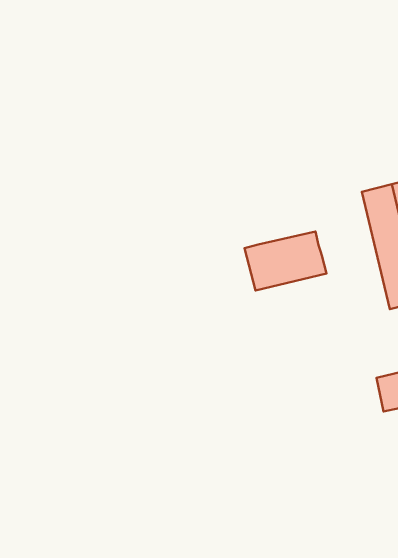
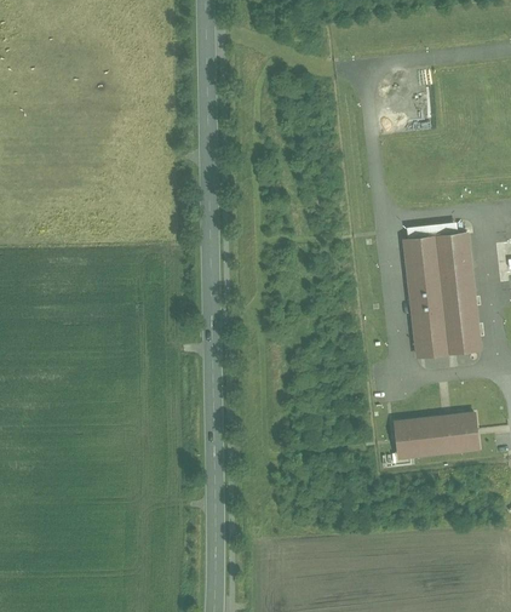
building: [244,231,326,290] -> none

